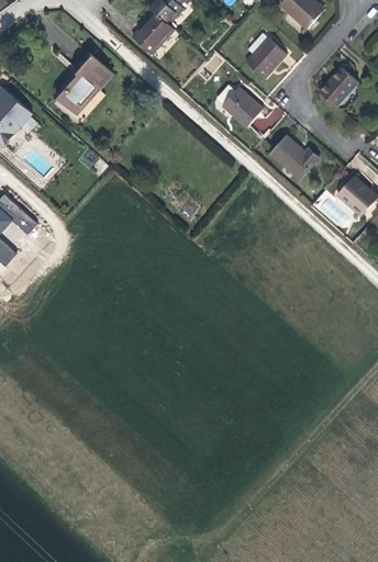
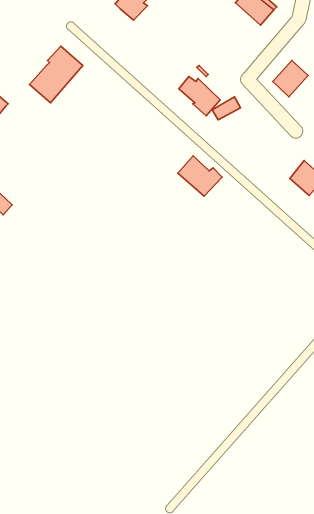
building: [132,11,174,54] -> none
building: [246,38,287,78] -> none
building: [270,135,319,179] -> [178,156,222,196]

